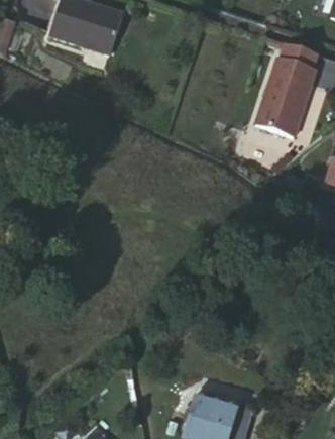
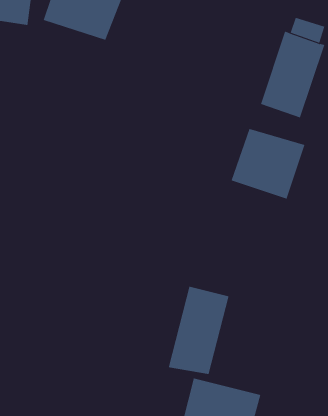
building: none -> [231,128,305,199]
building: none -> [168,286,229,375]

